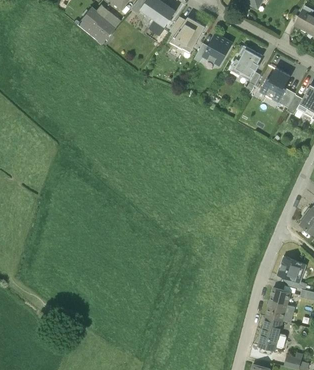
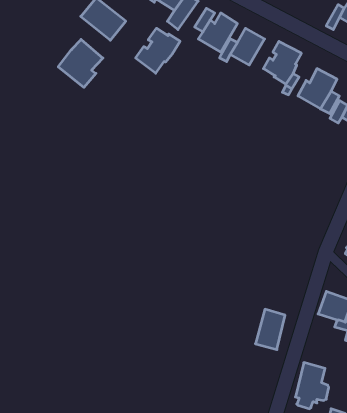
building: none -> [136,28,180,73]
building: none -> [58,39,103,87]
building: [265,287,290,321] -> [255,309,285,350]

